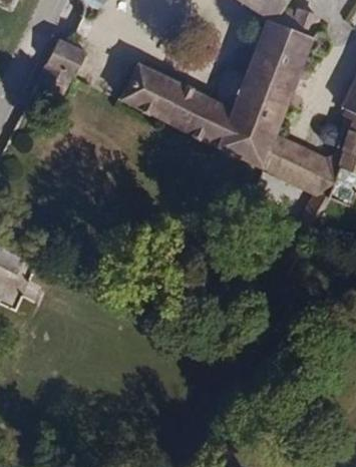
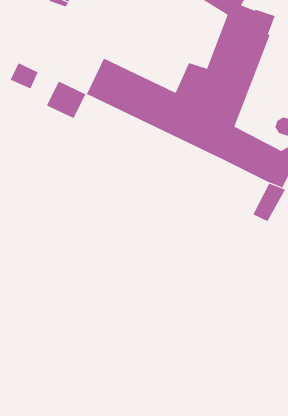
building: [45,39,87,79] -> [46,81,86,119]

